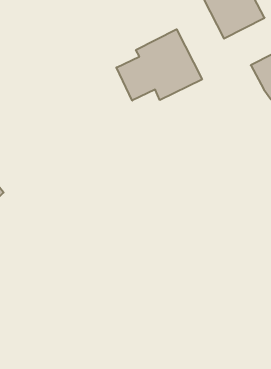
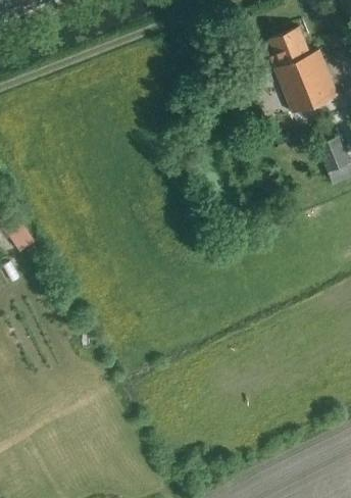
building: [116,29,202,101] -> none

